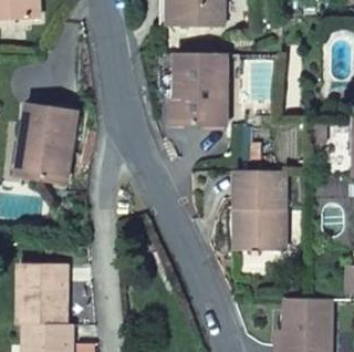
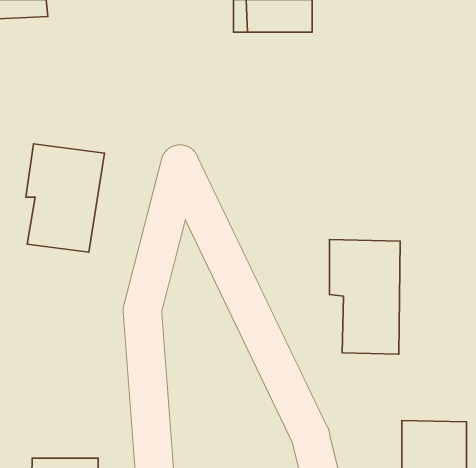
building: [176,52,226,124] -> none
building: [20,263,66,324] -> none

